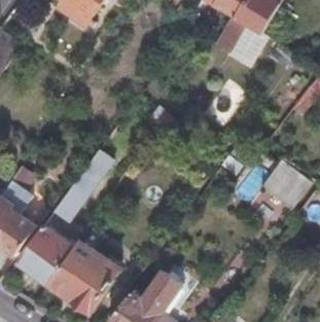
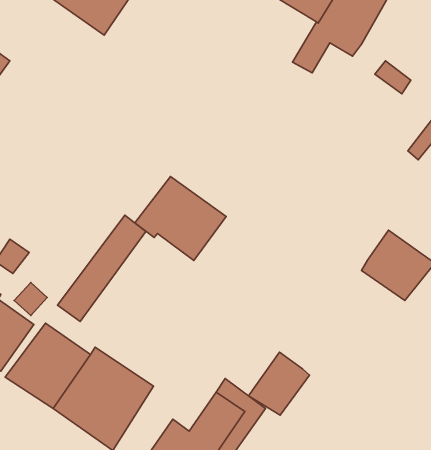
building: none -> [135,176,226,260]
building: none -> [249,352,309,415]

